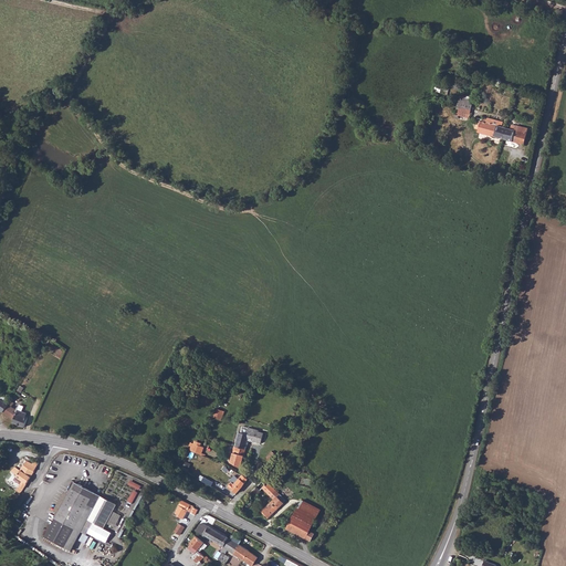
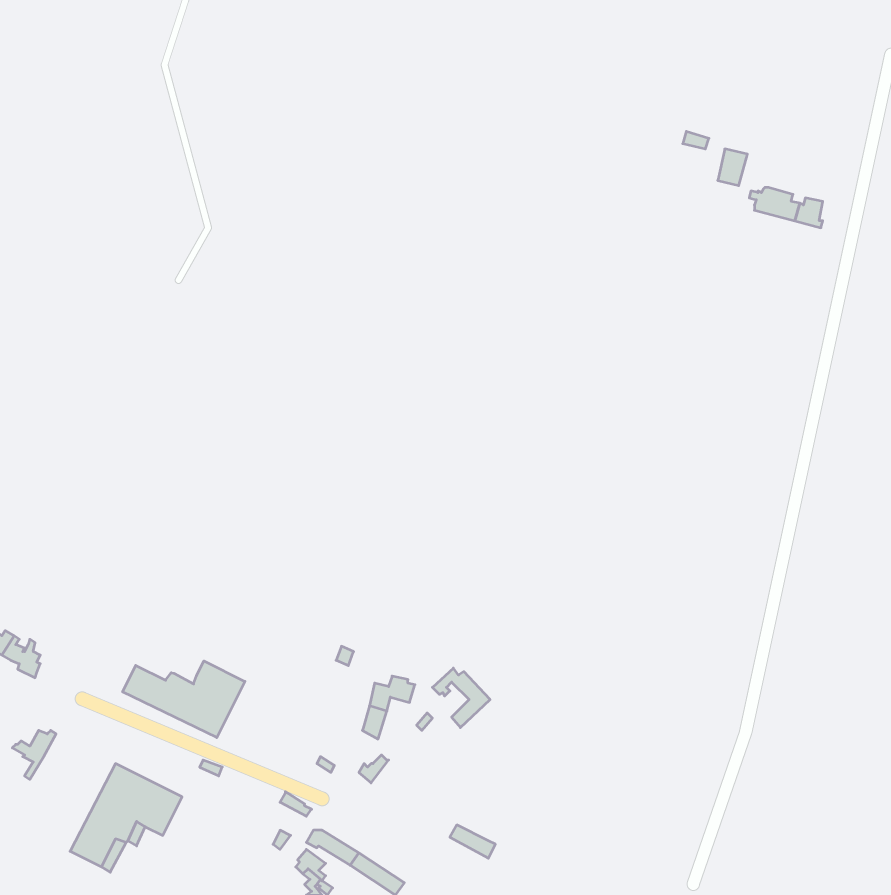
building: none -> [123,661,245,738]
building: [249,481,285,518] -> [432,668,490,728]
building: [289,499,319,531] -> none

